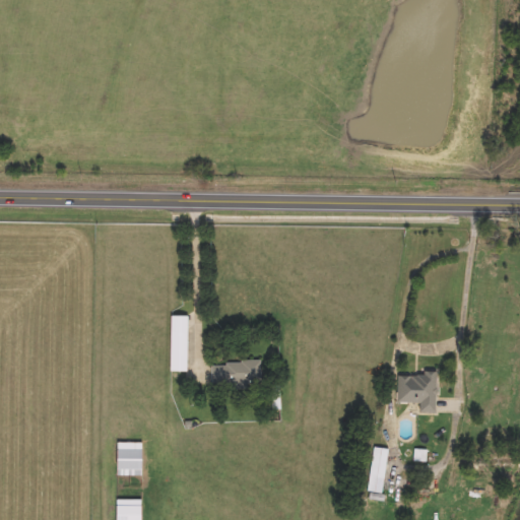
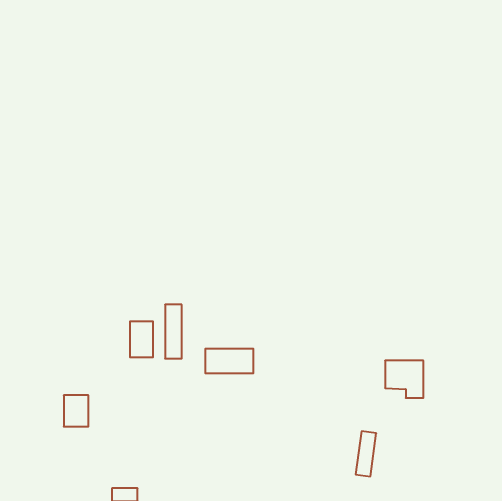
building: none -> [130,321,153,357]
building: [117,442,142,474] -> [64,395,88,427]

